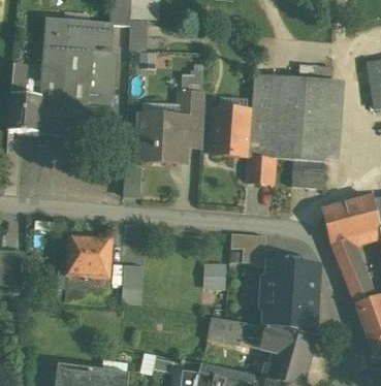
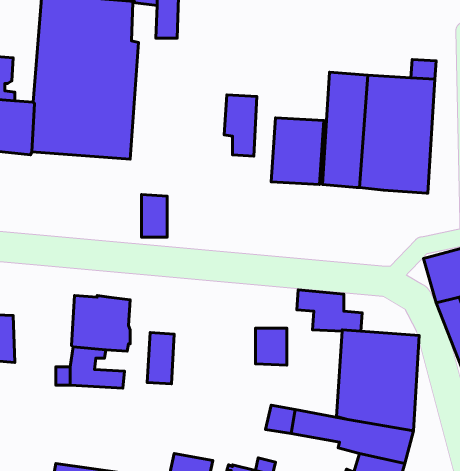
building: [138,115,185,162] -> none
building: [248,156,275,183] -> none
building: [292,160,325,188] -> none

